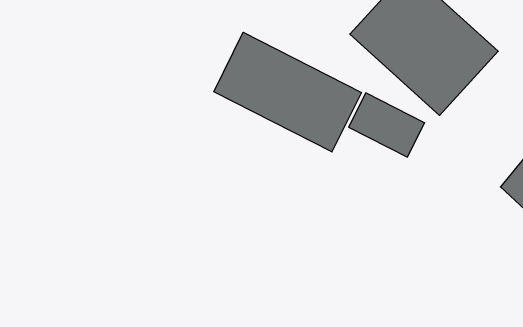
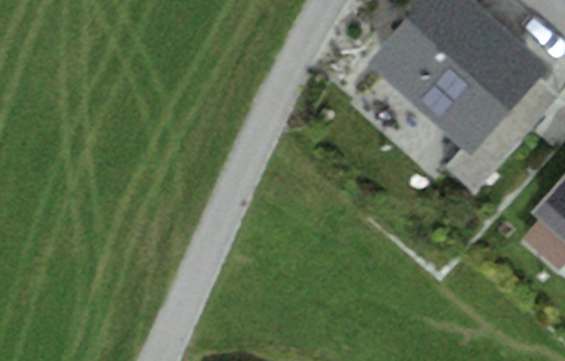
building: [214,32,361,152] -> none

